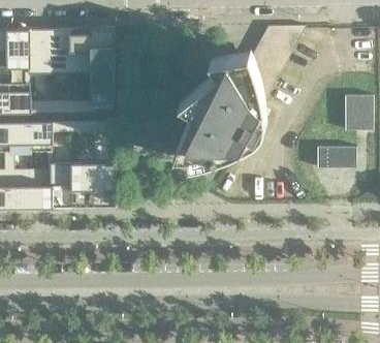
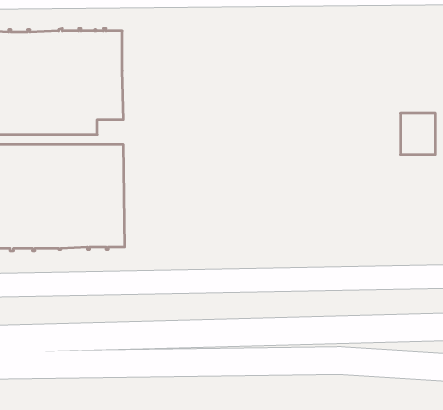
building: [181,25,306,162] -> none
building: [317,146,356,167] -> none

